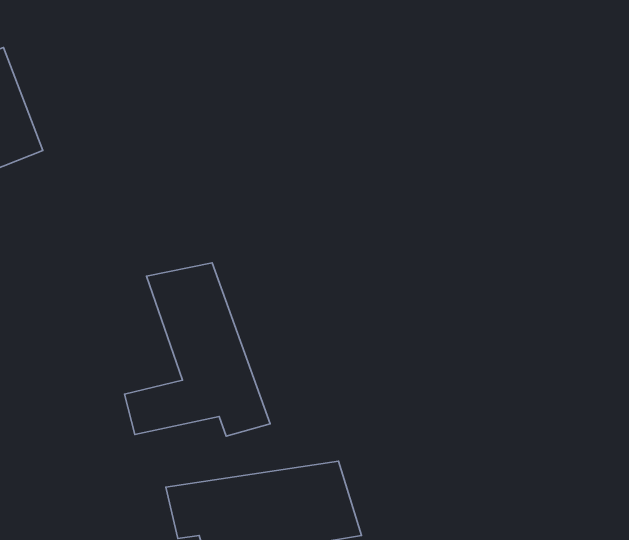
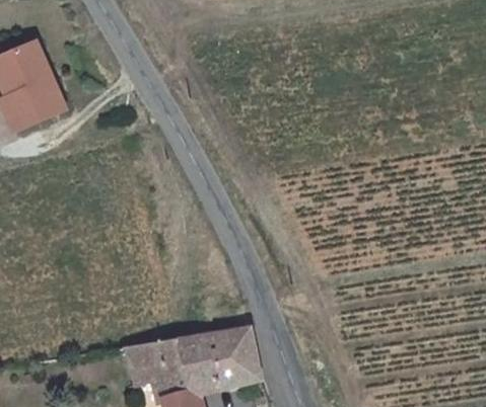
building: [125,263,270,436] -> none

